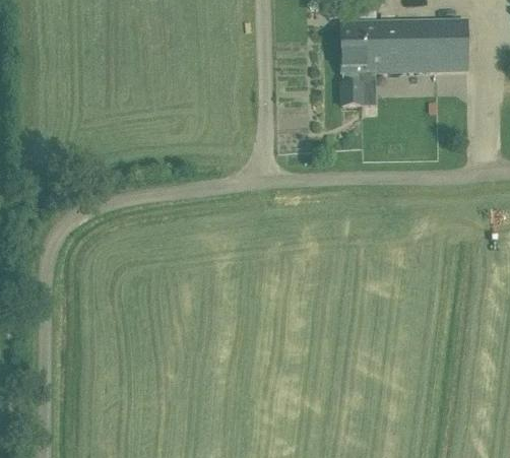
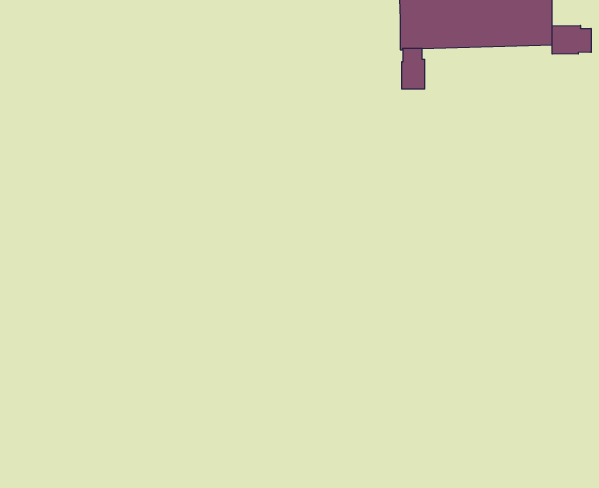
building: none -> [552,25,591,54]

